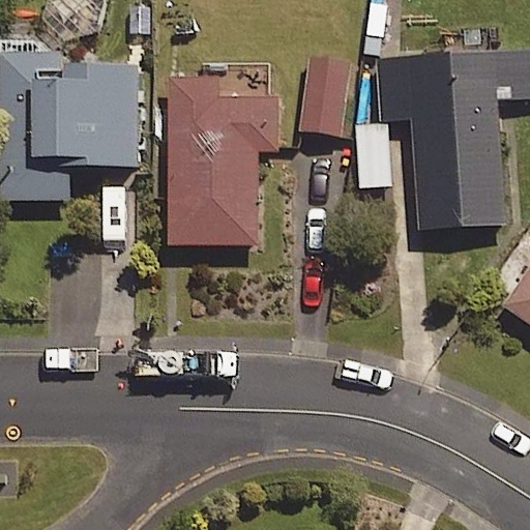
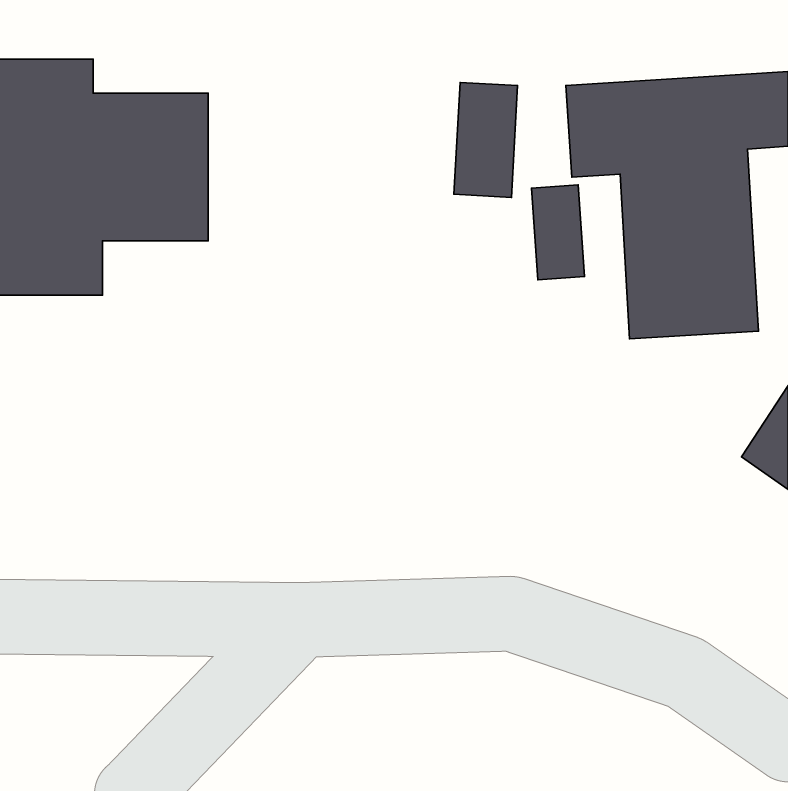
building: [169,78,278,244] -> none

